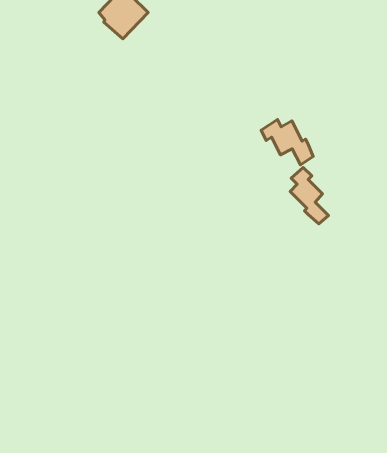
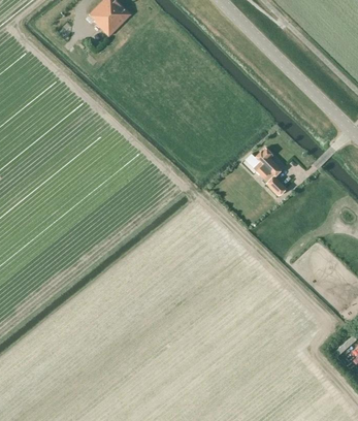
building: [261,120,313,165] -> none

